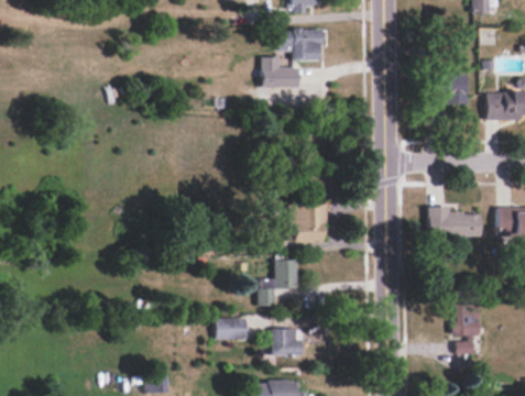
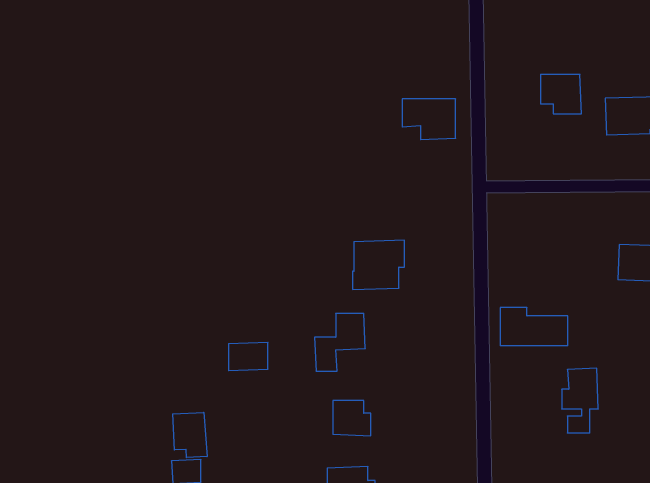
building: [278,30,320,62] -> [402,99,456,140]
building: [262,57,299,88] -> none
building: [428,207,481,237] -> [500,308,568,346]
building: [215,318,245,340] -> [229,342,268,371]
building: none -> [173,412,207,458]

